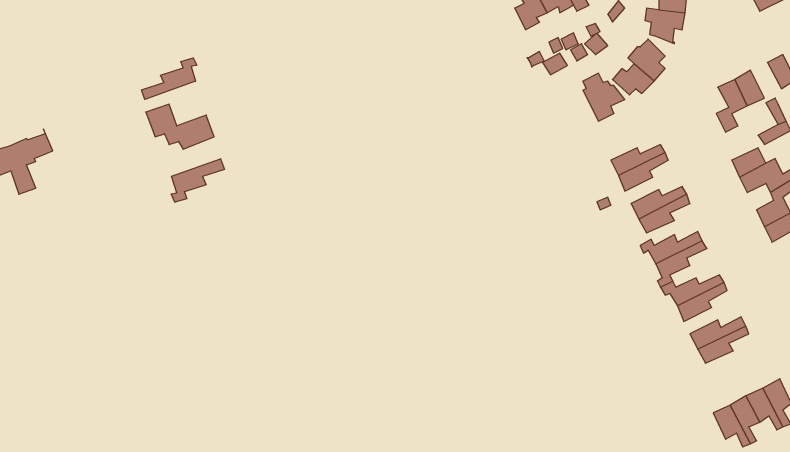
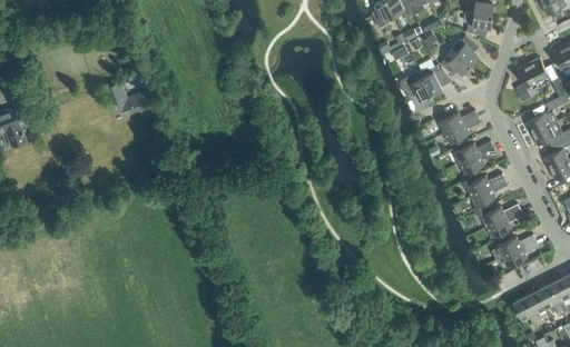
building: [141,58,197,99] -> none
building: none -> [402,71,431,100]
building: [171,159,224,202] -> none

